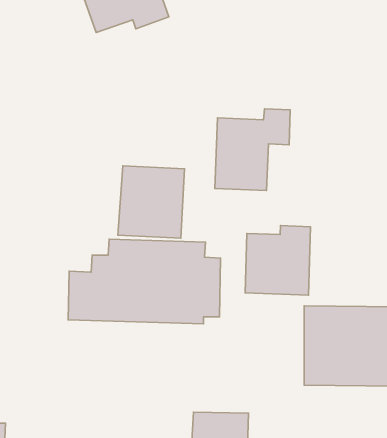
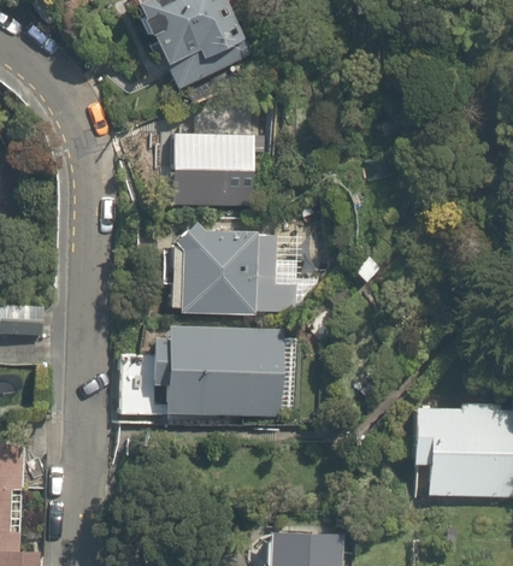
building: [215,109,290,190] -> [188,112,279,211]
building: [245,226,310,295] -> none

